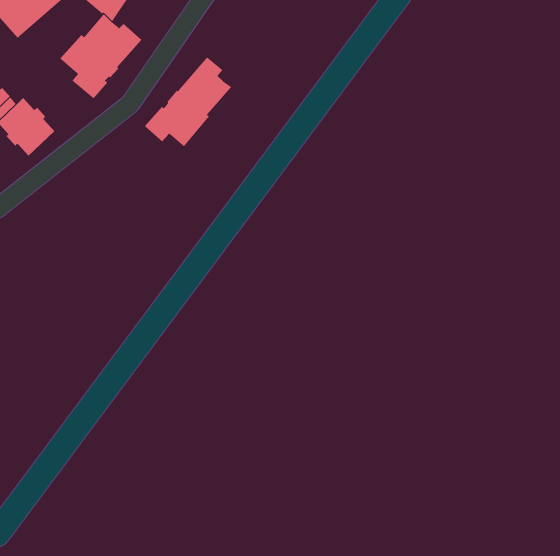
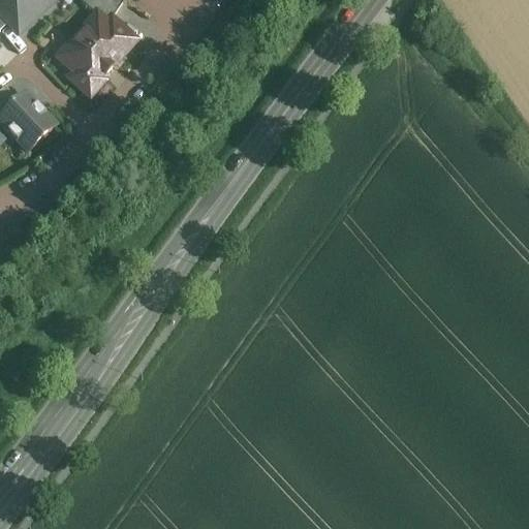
building: [144,57,232,147] -> none

